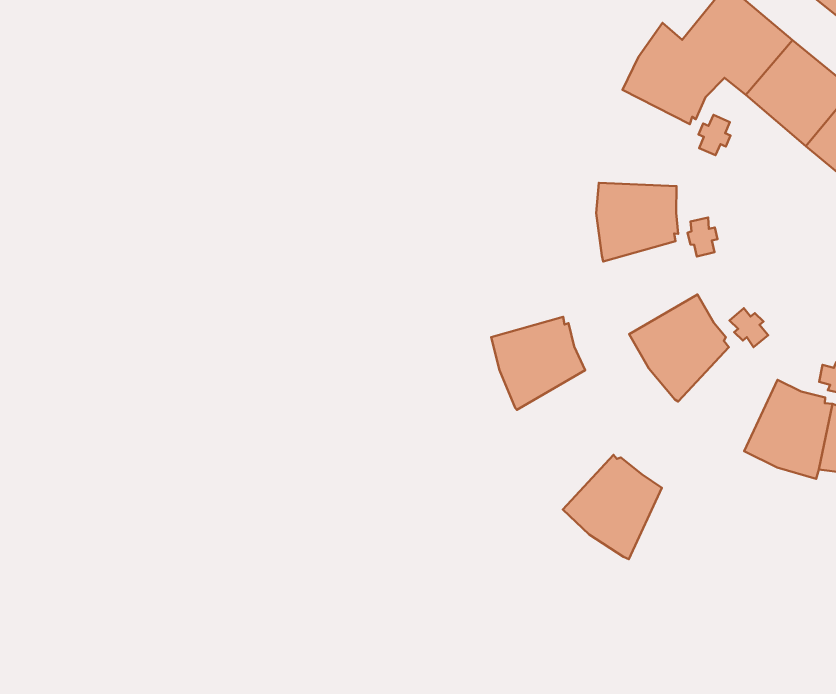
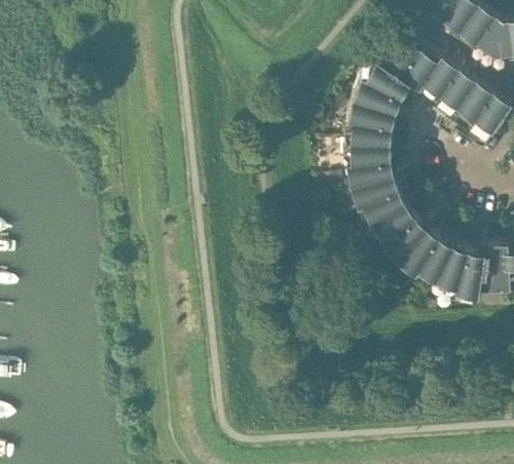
building: none -> [350,98,396,149]
building: [491,317,585,410] -> [356,177,408,229]
building: [563,455,662,559] -> [403,231,455,286]

